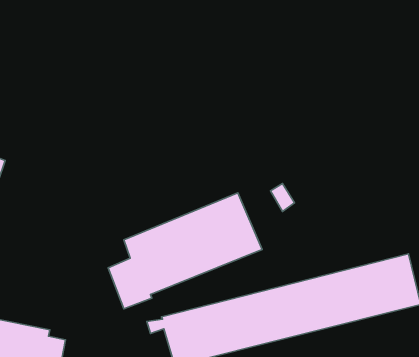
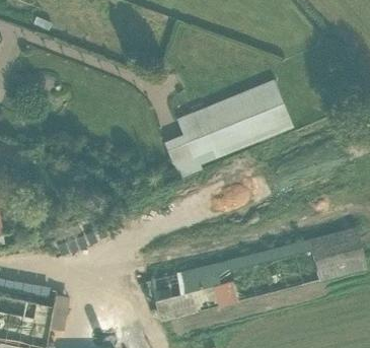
building: [108,193,262,309] -> [164,79,293,177]

